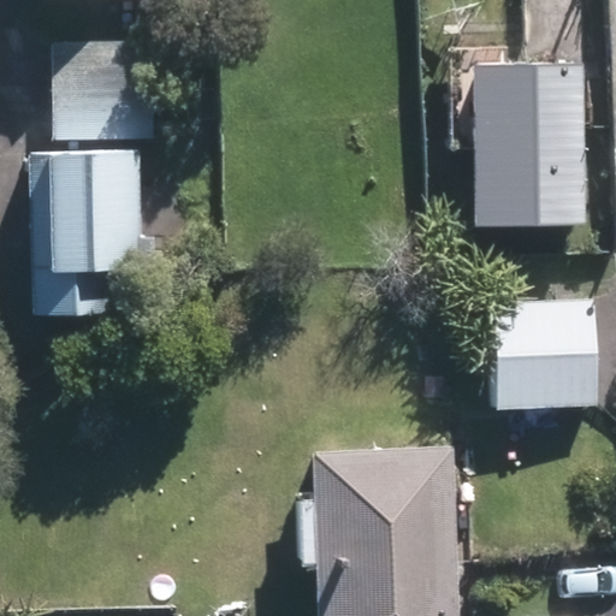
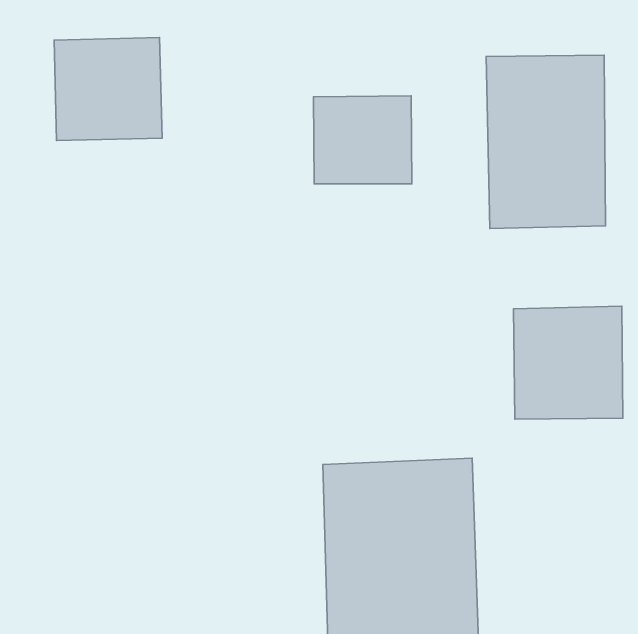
building: none -> [313,96,412,184]
building: [30,149,141,313] -> none

